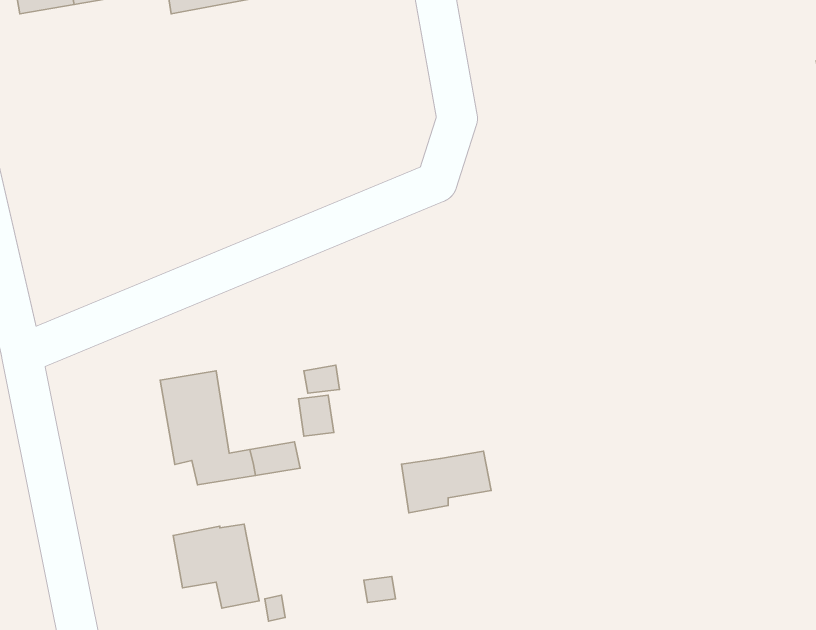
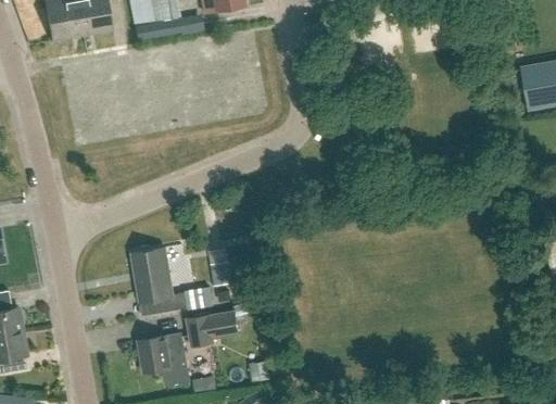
building: [401,451,491,513] -> [189,313,241,349]

